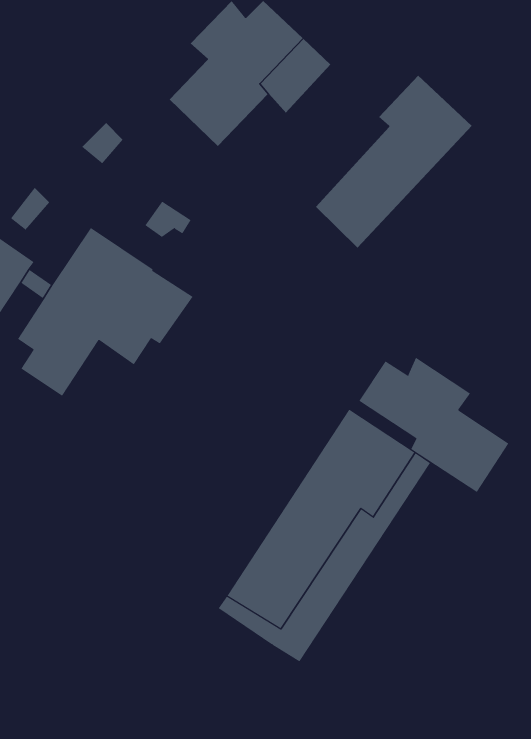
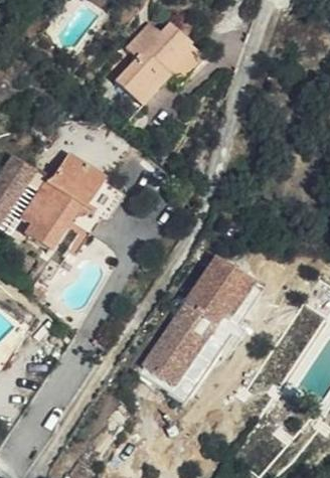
building: [315,75,472,248] -> none
building: [359,357,509,493] -> none

